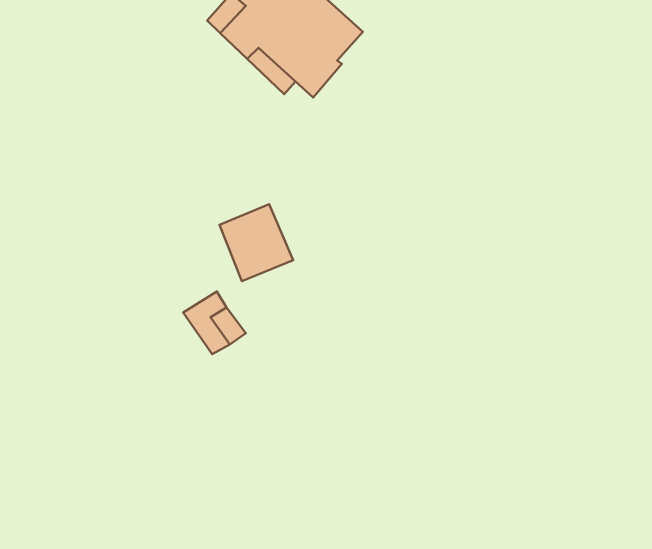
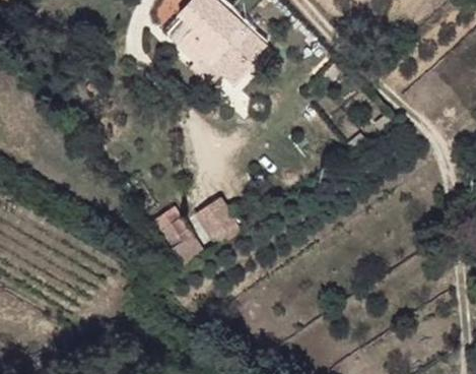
building: [219,204,293,281] -> [193,195,240,244]

